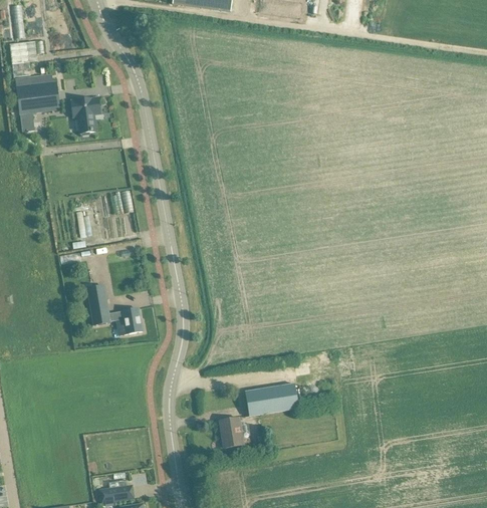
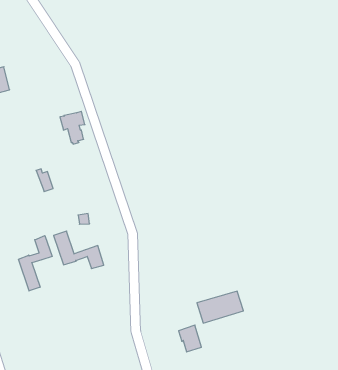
building: [71,96,99,134] -> [60,111,85,144]
building: none -> [19,236,52,291]

